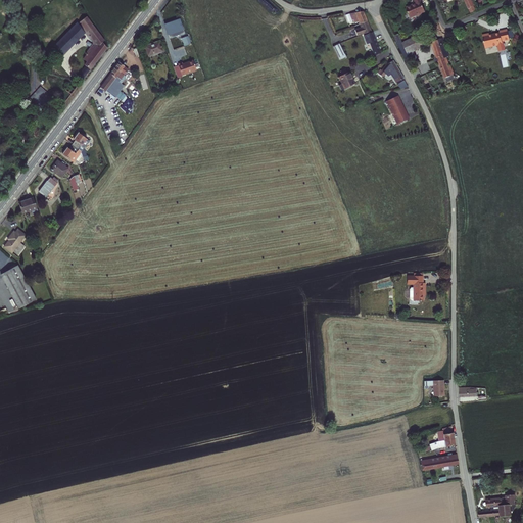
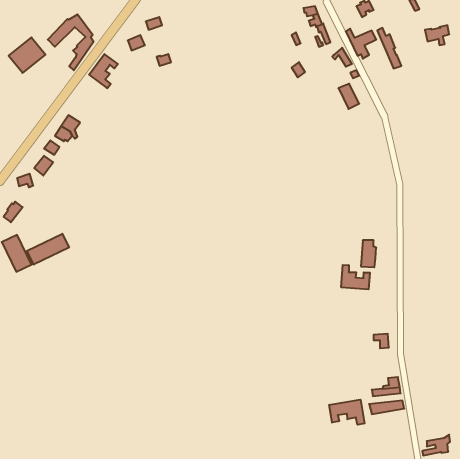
building: none -> [9,37,45,73]
building: none -> [27,234,69,265]
building: none -> [341,265,370,289]
building: none -> [329,400,365,425]

